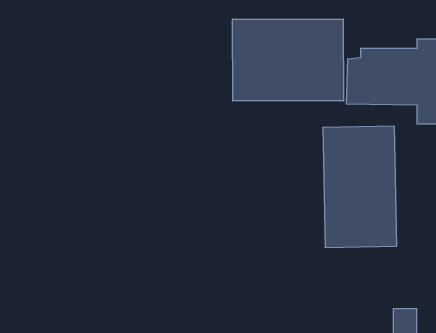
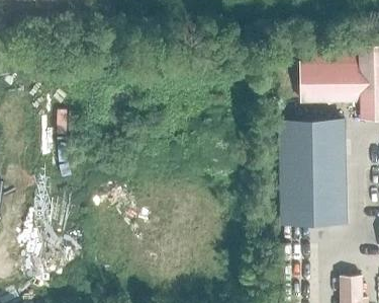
building: [233,19,343,101] -> none

